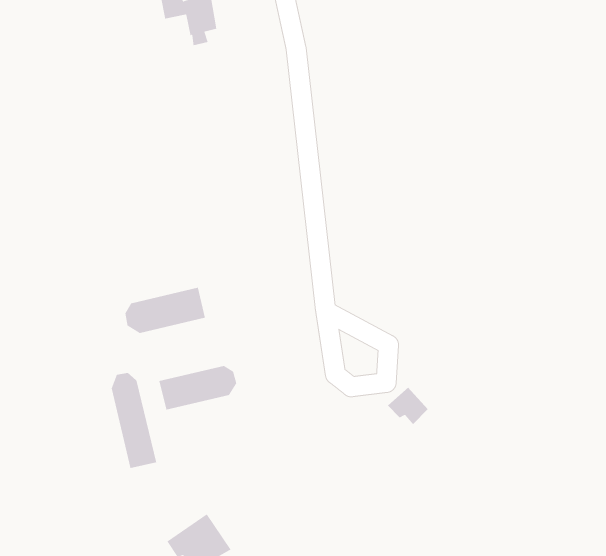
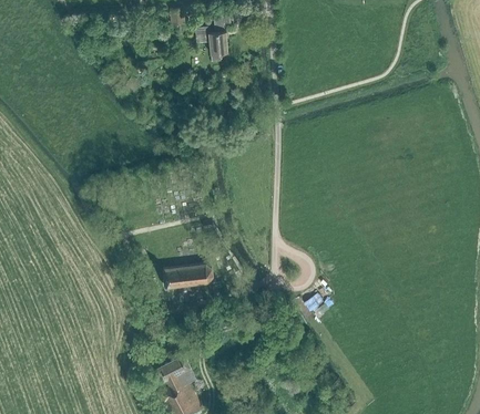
building: [125,287,205,334] -> none
building: [111,372,157,469] -> none

